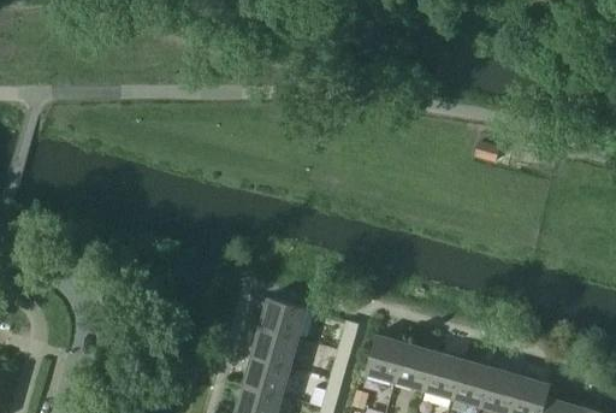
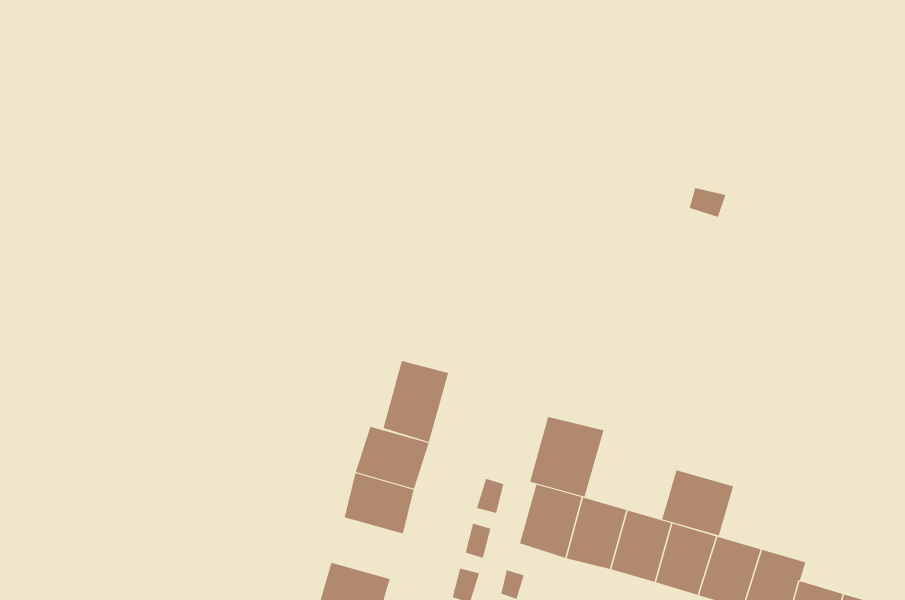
building: none -> [383,360,449,443]
building: none -> [529,416,604,498]
building: none -> [662,469,734,536]
building: [243,355,290,395] -> none

